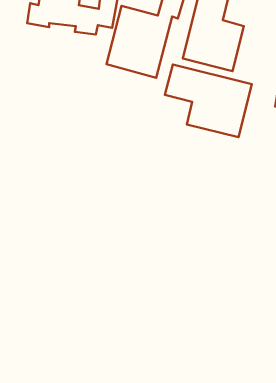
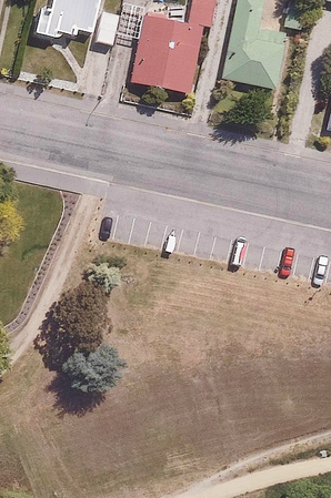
building: [165,64,252,137] -> none

